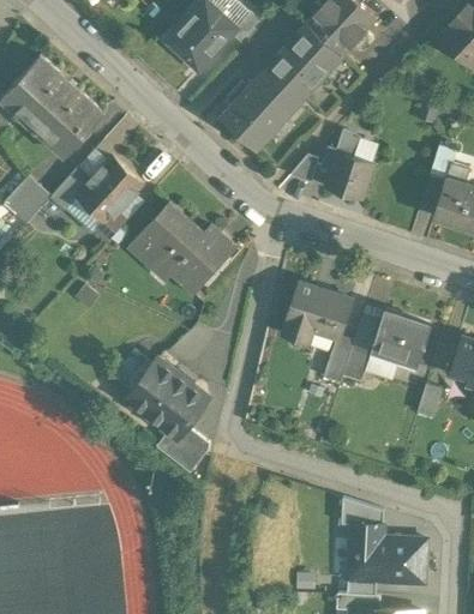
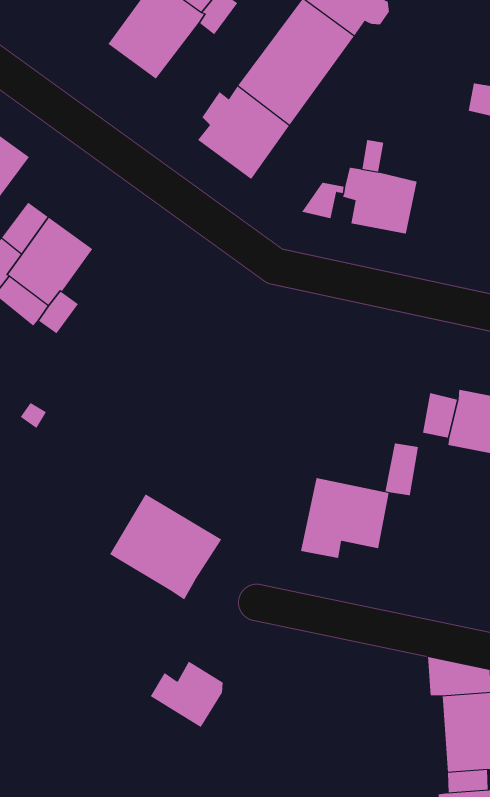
building: [130,203,234,291] -> none
building: [284,283,352,342] -> [300,477,389,559]
building: [156,425,209,472] -> [150,661,224,728]

